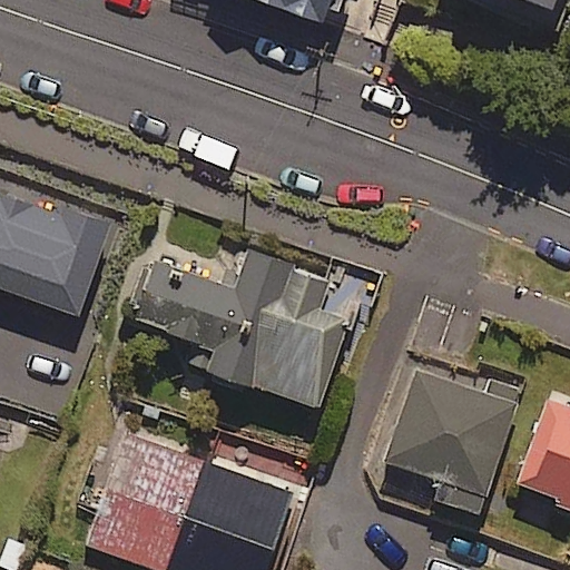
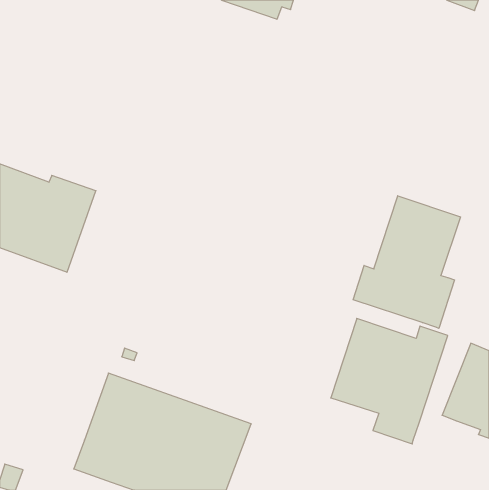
building: none -> [353,196,461,328]
building: [135,253,350,407] -> none

